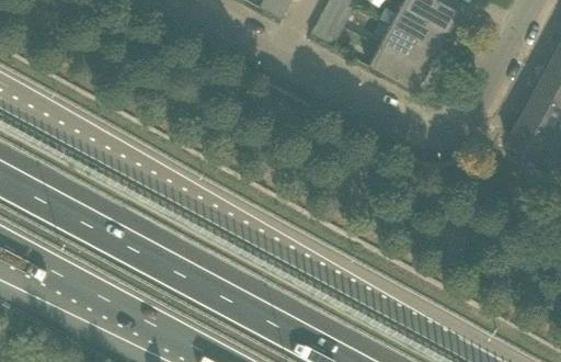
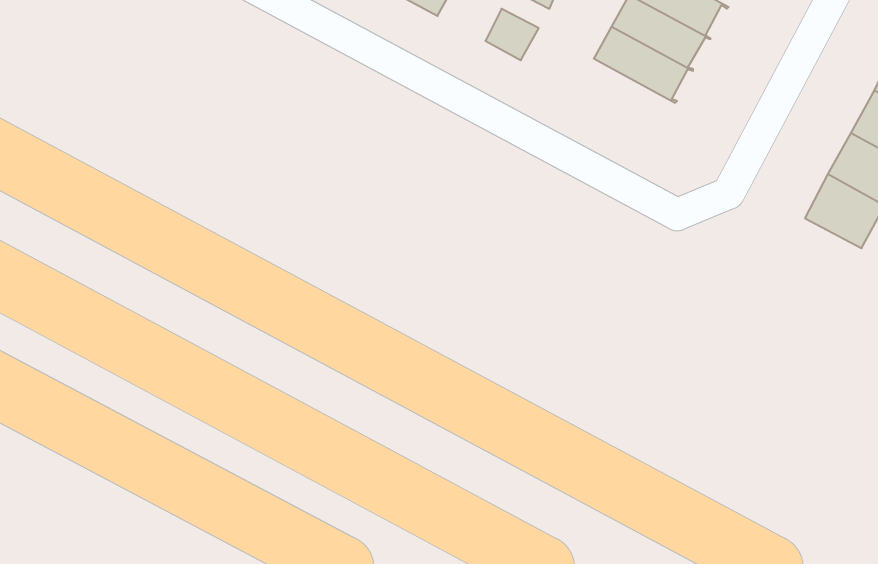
building: [367,44,428,91] -> none

